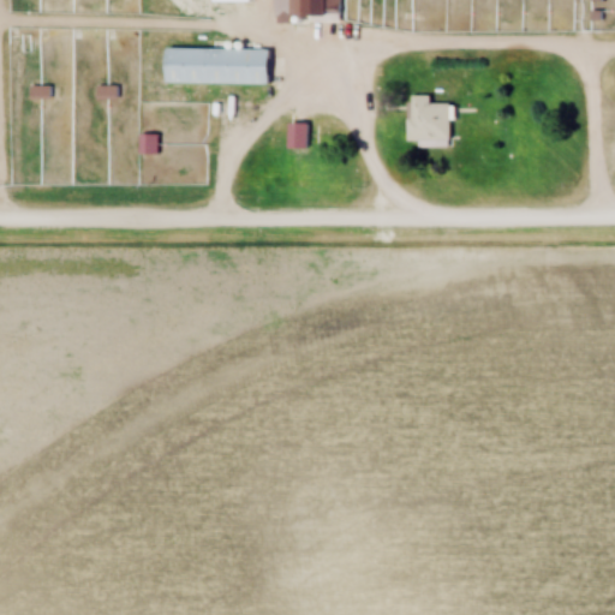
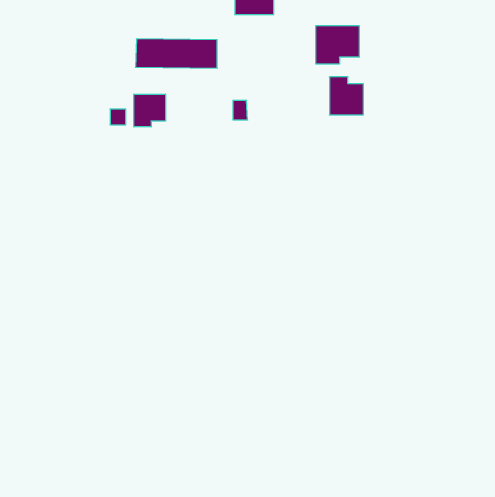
building: none -> [316,26,359,64]
building: none -> [134,94,165,127]

